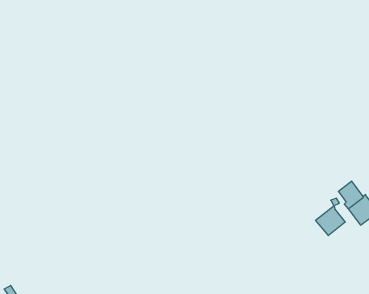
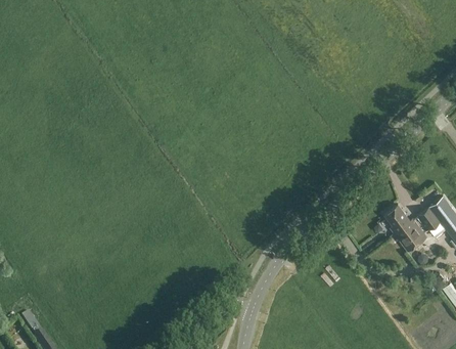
building: [316,206,345,236] -> none

